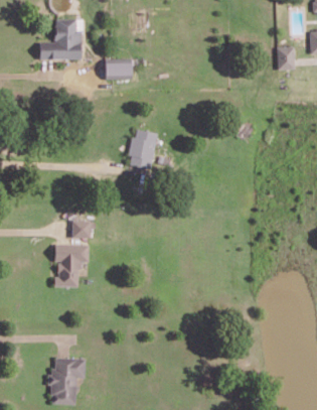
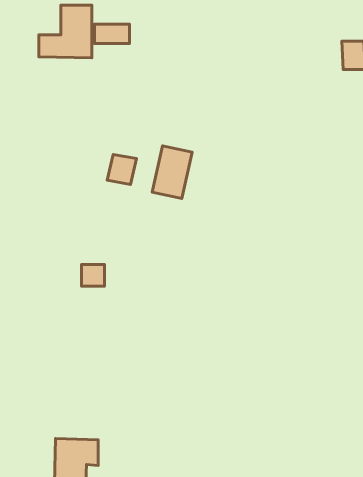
building: [105,63,132,79] -> [95,24,129,44]
building: none -> [107,154,136,185]
building: [54,244,90,286] -> none

